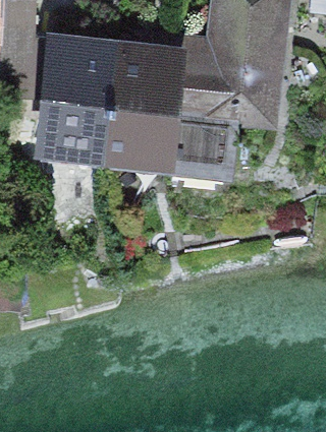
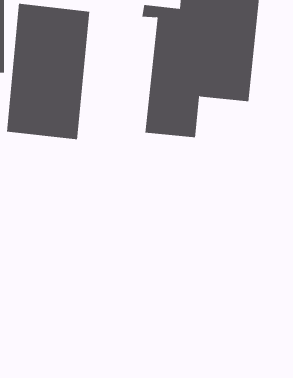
building: [105,45,183,178] -> none

